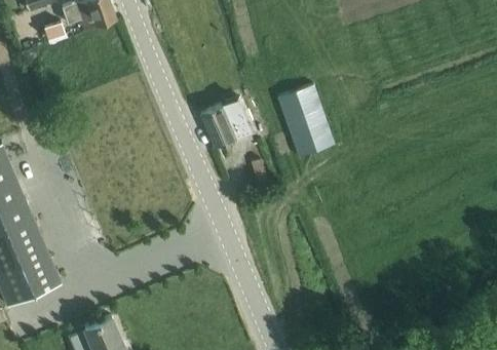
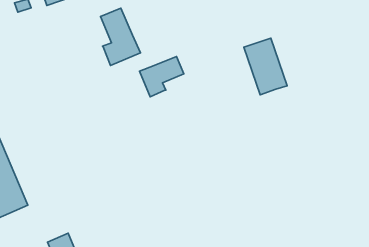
building: none -> [101,8,140,65]
building: [277,87,332,158] -> [244,38,287,95]

